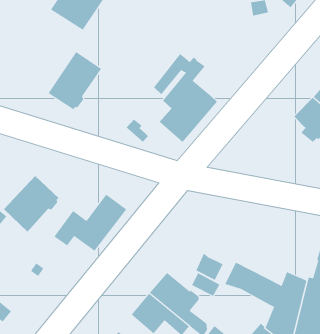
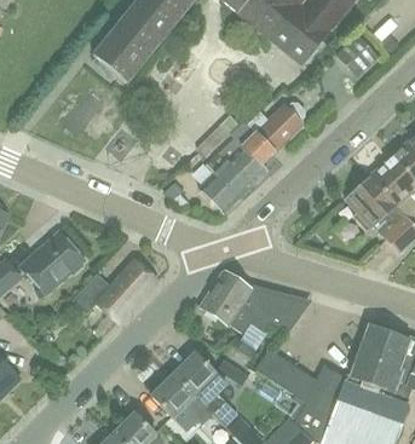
building: none -> [242,104,302,165]
building: [48,51,102,111] -> none
building: none -> [202,273,306,334]

